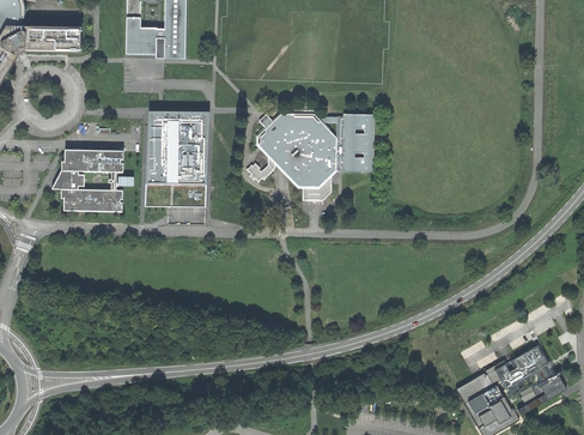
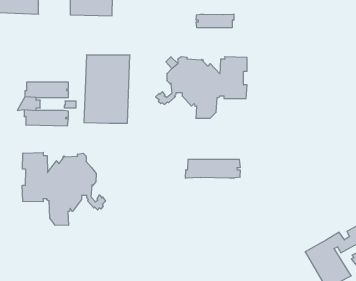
building: none -> [196,14,234,28]
building: none -> [22,152,106,225]
building: none -> [186,159,240,178]

